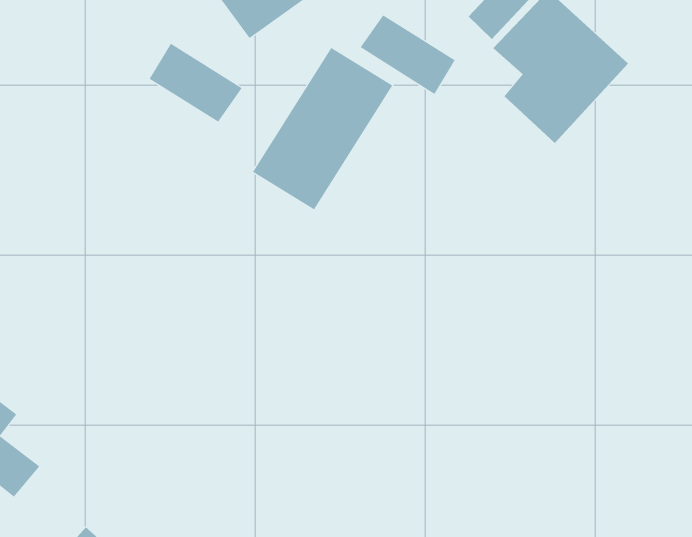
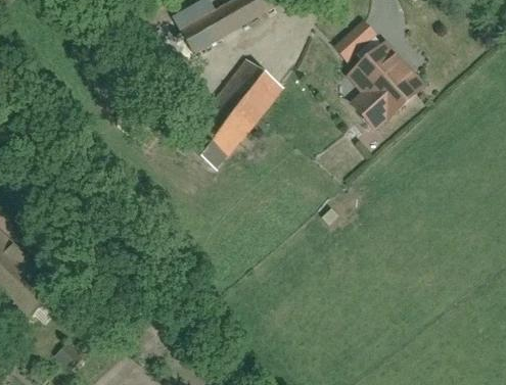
building: [360,15,455,95] -> none
building: [149,43,242,122] -> none

